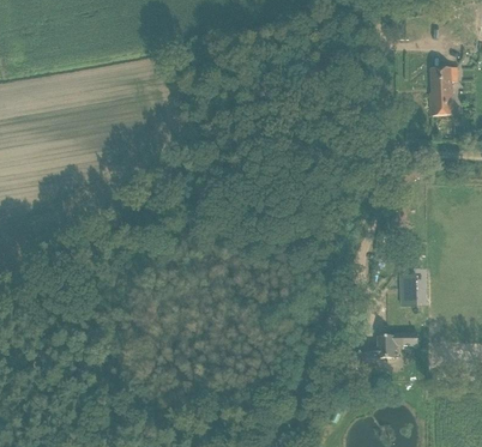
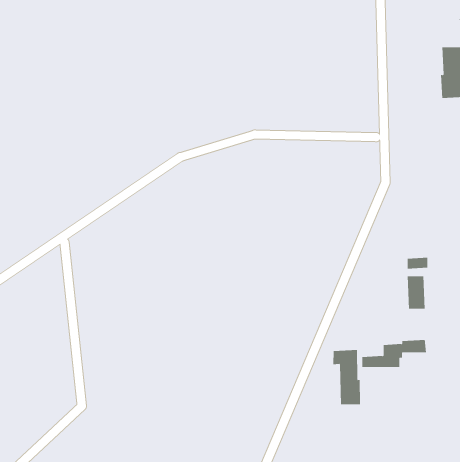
building: none -> [333,349,361,405]

